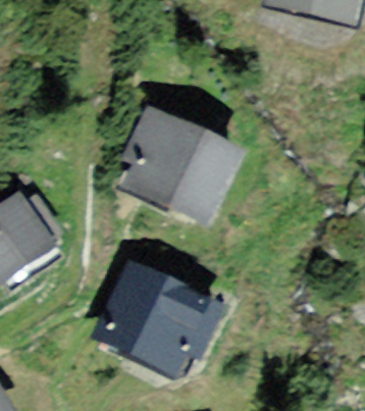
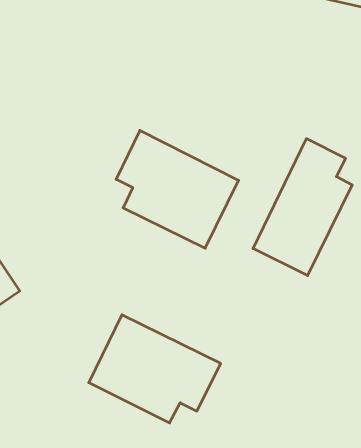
building: none -> [253,139,352,276]

